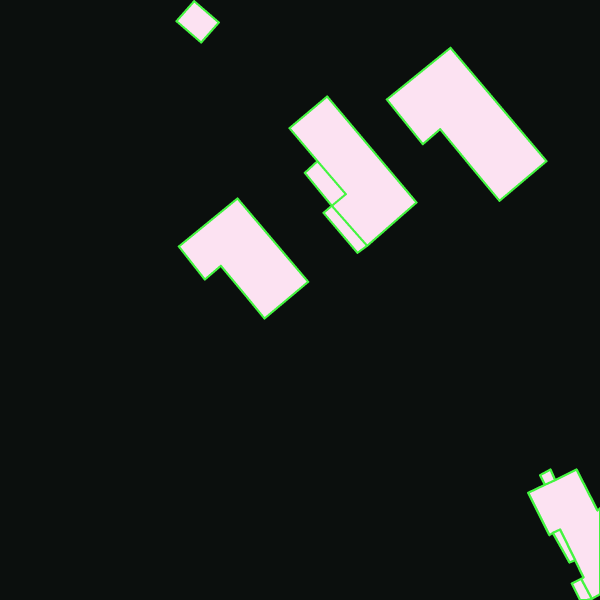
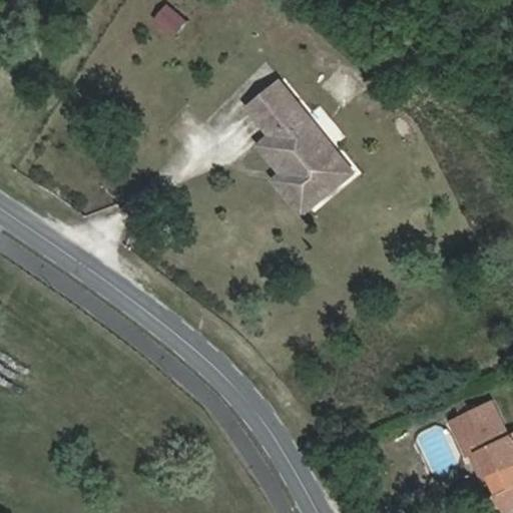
building: [387,48,546,201] -> none
building: [179,198,308,319] -> none

